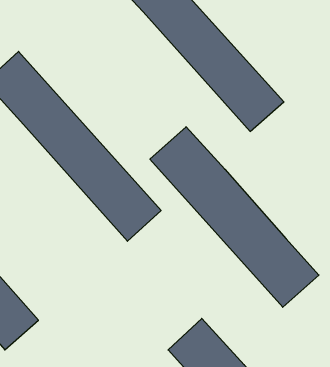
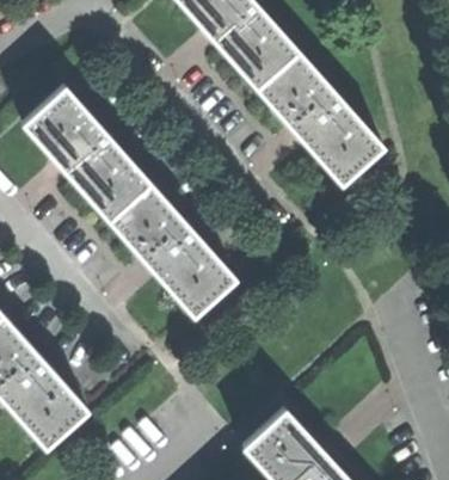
building: [150,127,319,307] -> none

